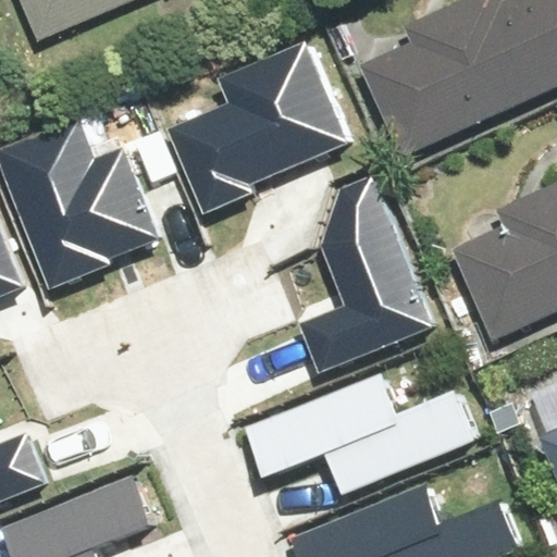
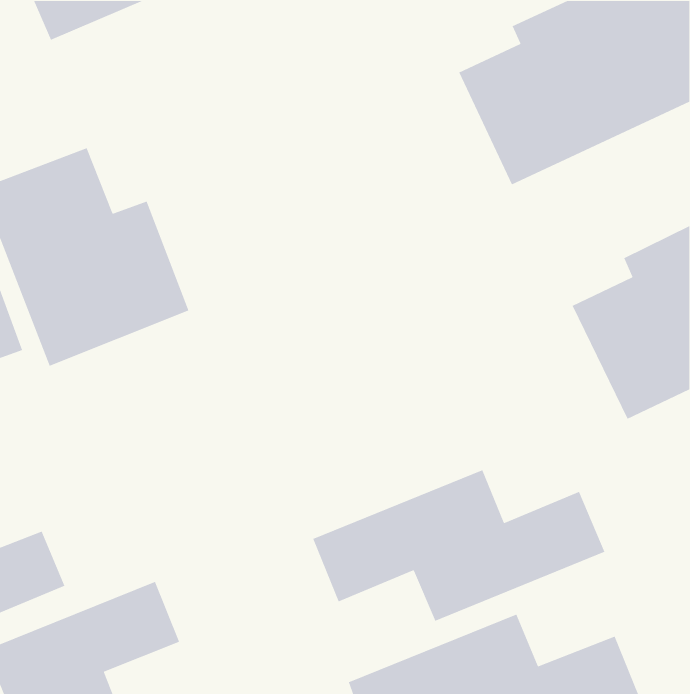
building: [153,45,363,222] -> none
building: [305,170,432,363] -> none

